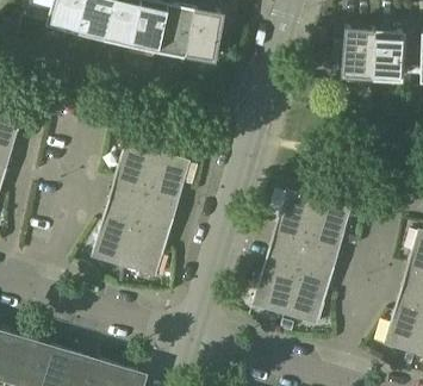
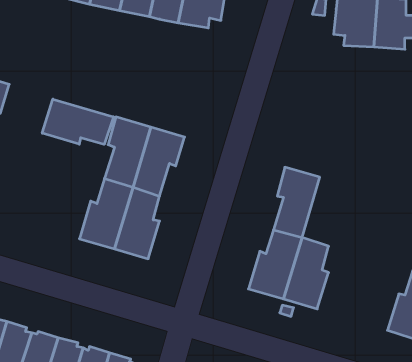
building: none -> [42,99,113,144]
building: [301,200,350,266] -> none

